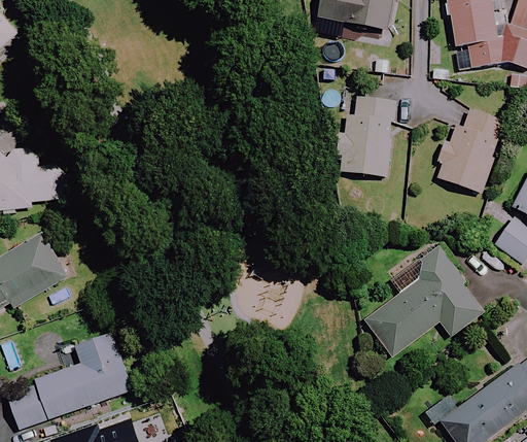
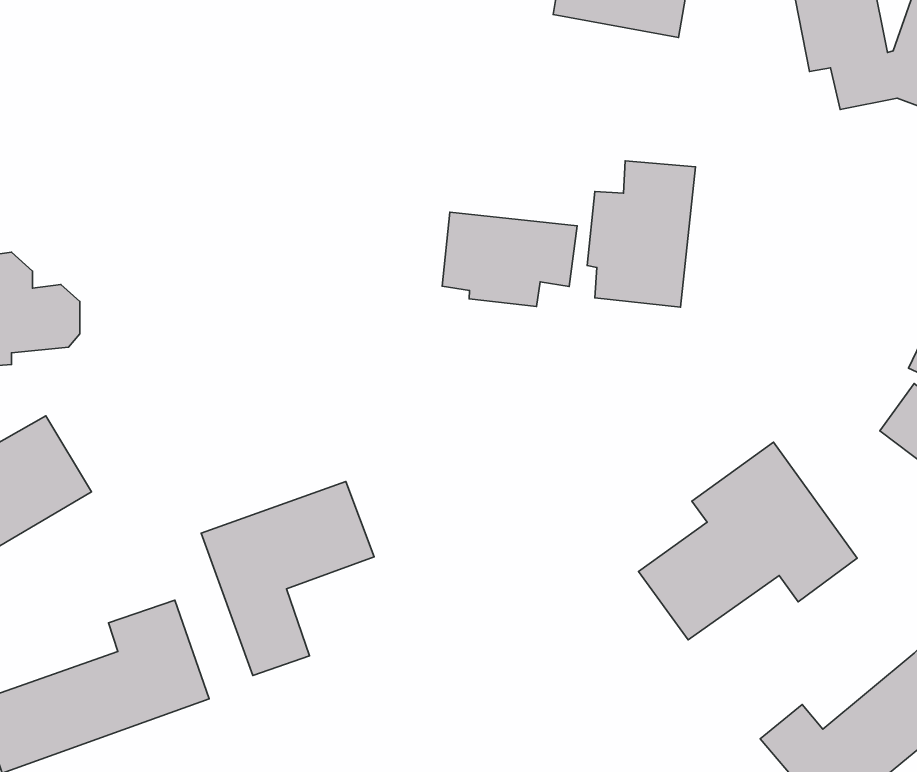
building: [435,108,504,192] -> none
building: none -> [442,212,577,306]
building: none -> [201,481,374,675]

